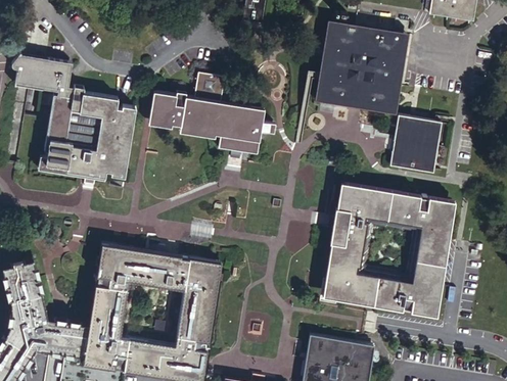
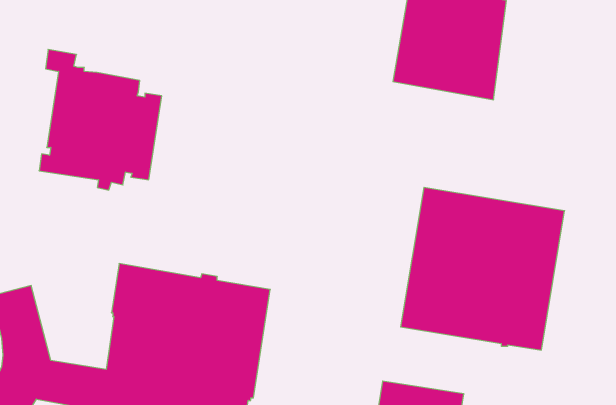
building: [11,51,72,89] -> none
building: [150,73,275,159] -> none
building: [389,116,443,174] -> none

